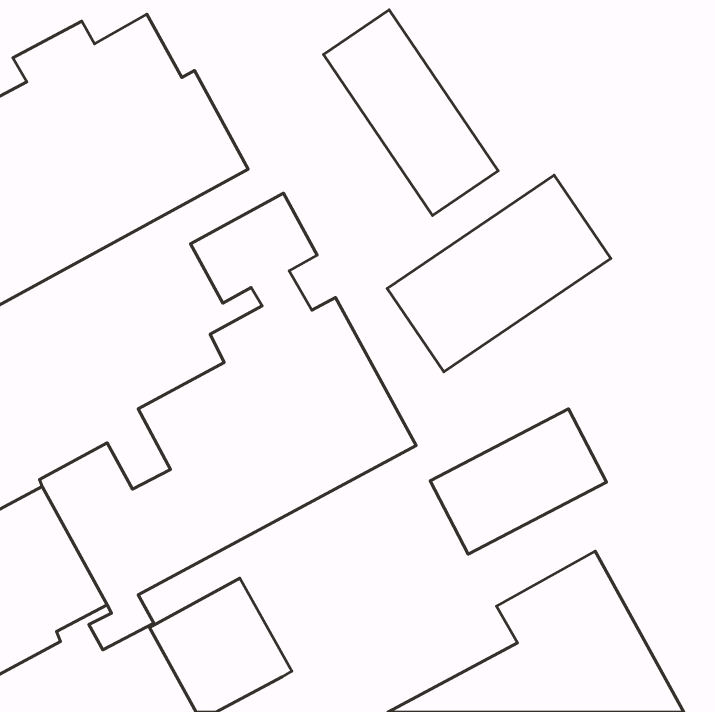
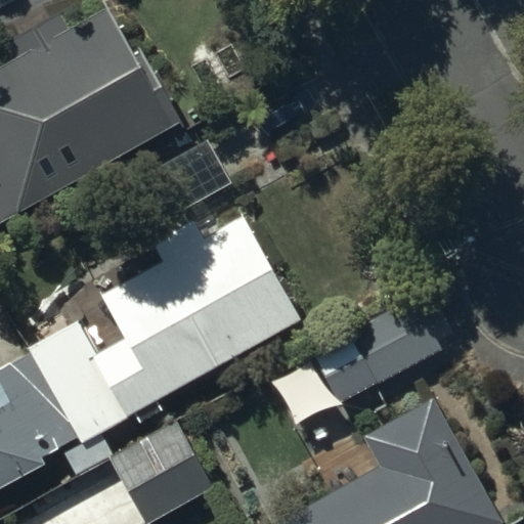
building: [323,10,498,215] -> none
building: [387,175,611,372] -> none

